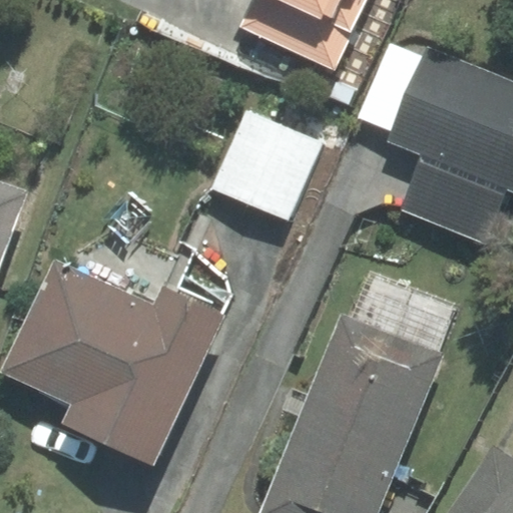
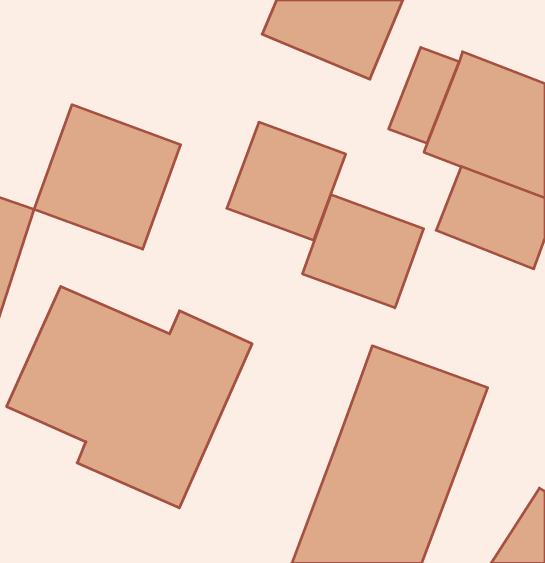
building: none -> [34,105,181,249]
building: none -> [303,195,424,308]

